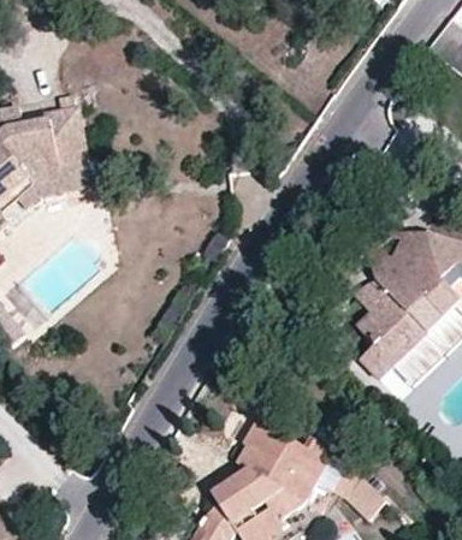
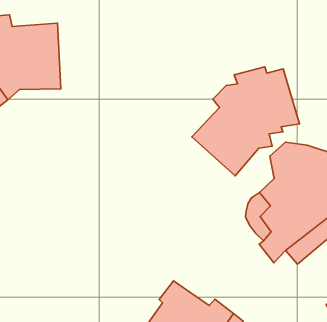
building: none -> [192,67,299,176]

